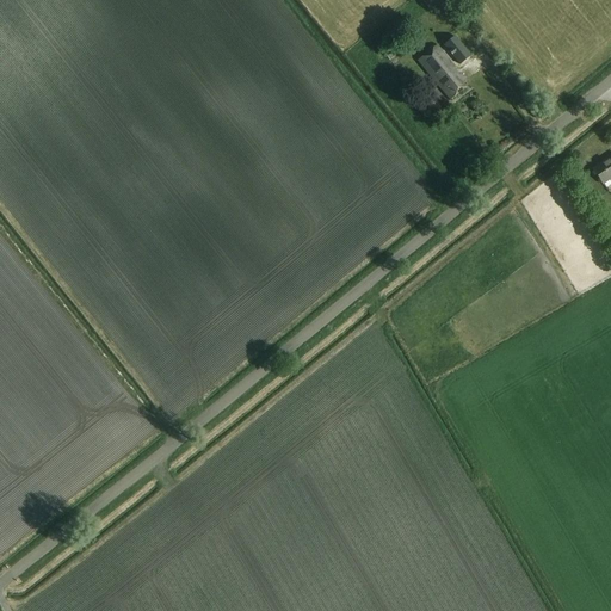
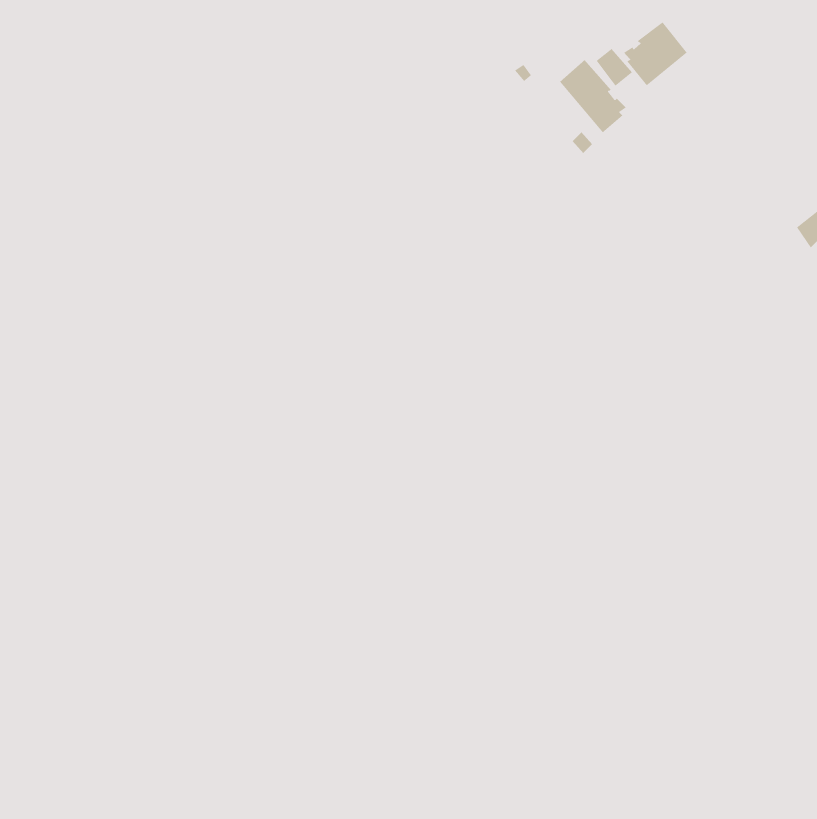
building: none -> [623,21,688,86]

